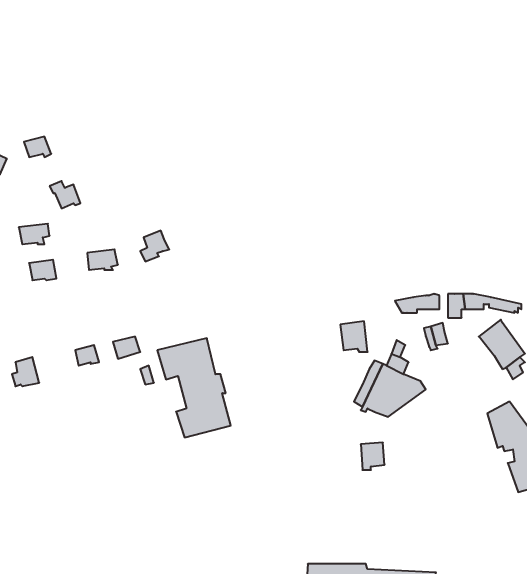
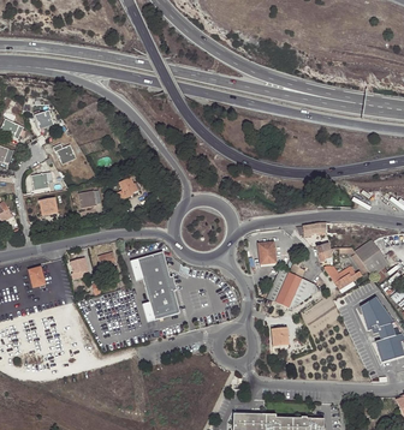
building: none -> [328,253,369,289]

